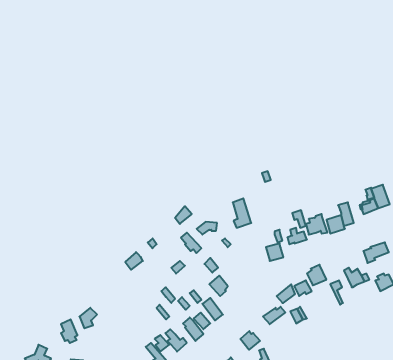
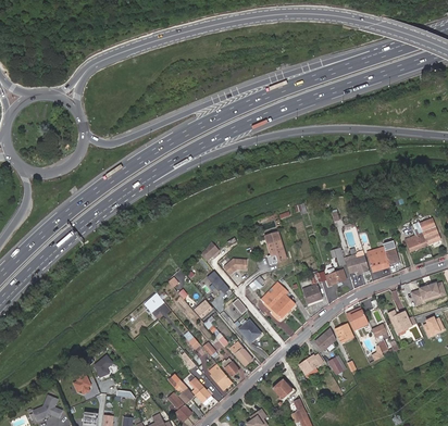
building: none -> [263,284,294,317]

